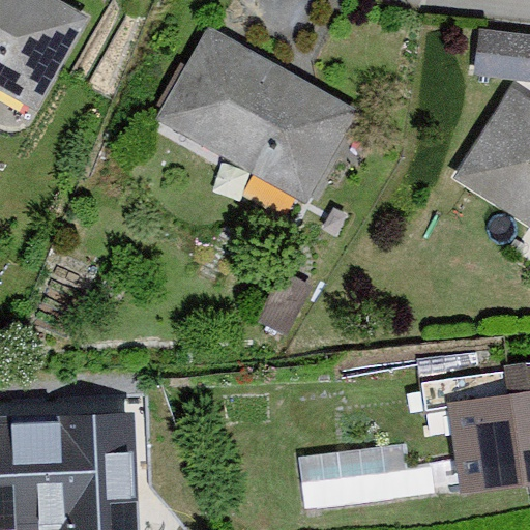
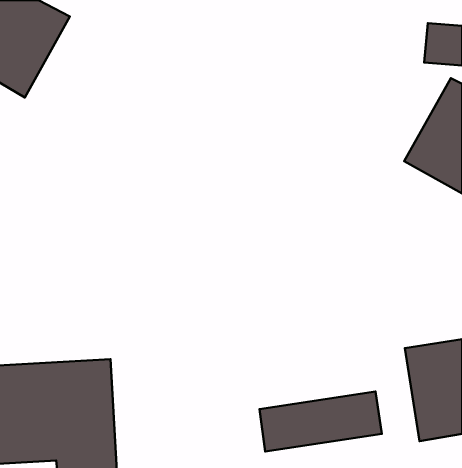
building: [163,27,362,206] -> none

